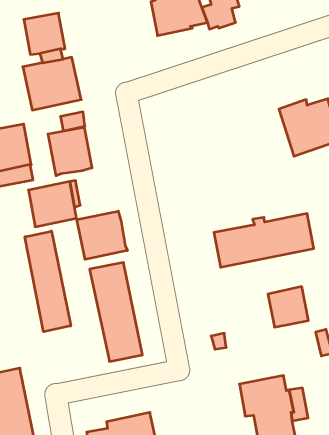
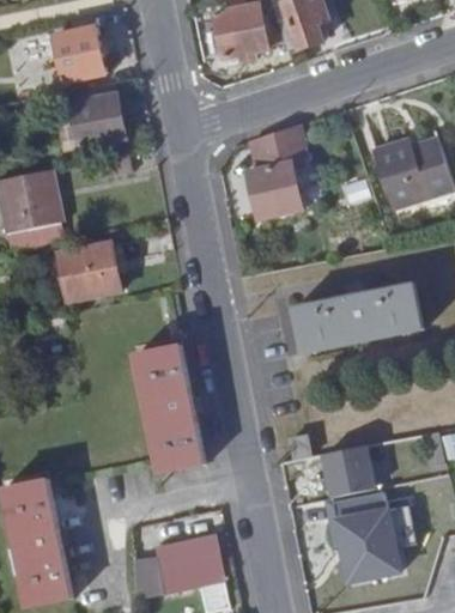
building: none -> [249,127,302,219]
building: [48,127,92,176] -> none
building: [77,211,127,259] -> none
building: [25,231,71,332] -> none
building: [268,287,308,327] -> [322,445,374,497]

